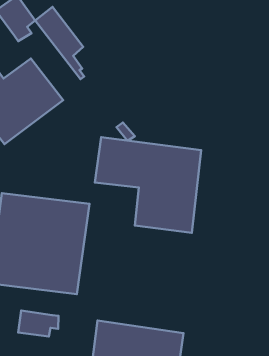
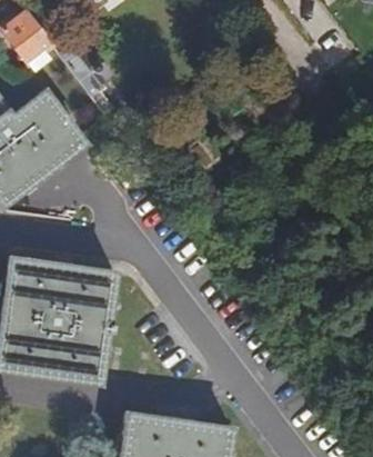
building: [95,137,201,233] -> none
building: [18,311,59,336] -> none

